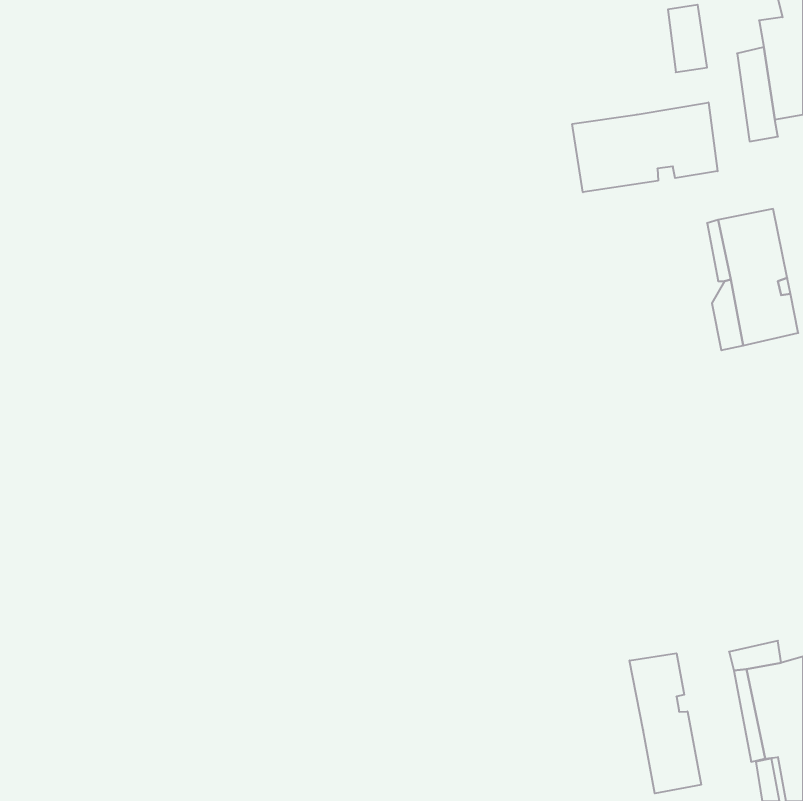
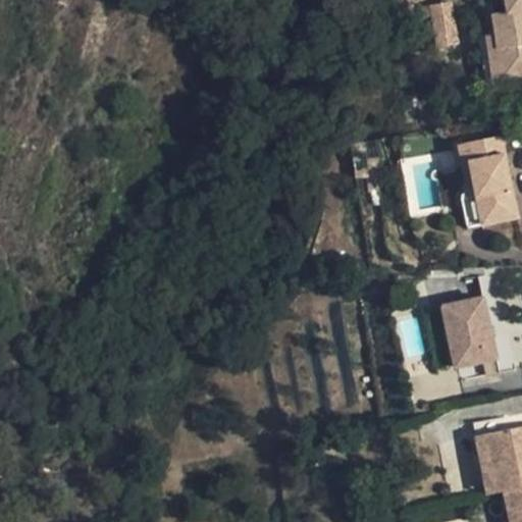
building: [572,102,718,192] -> none
building: none -> [441,297,495,366]
building: [630,653,701,793] -> none

